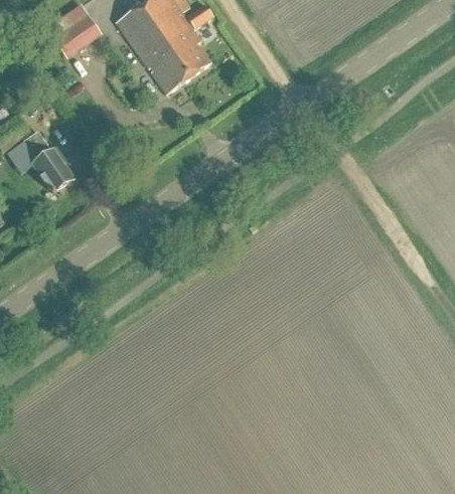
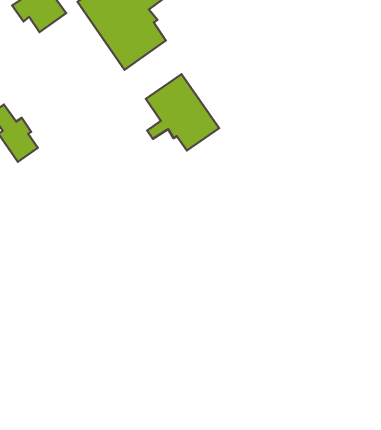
building: none -> [146,74,219,150]

